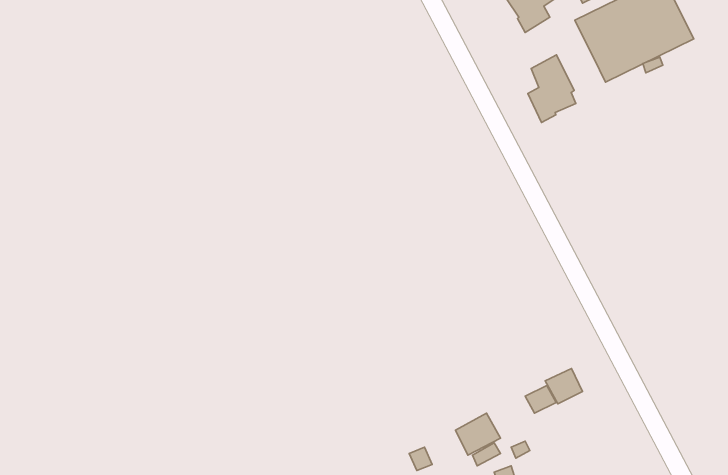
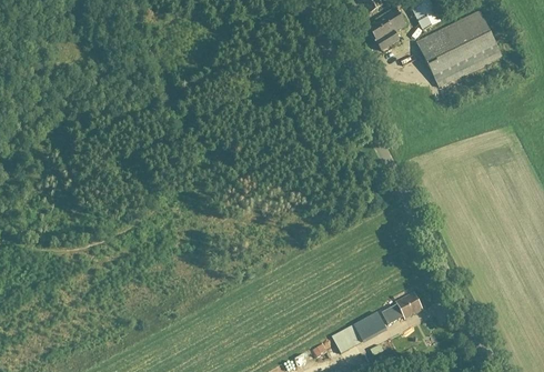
building: [528,55,576,123] -> none
building: none -> [354,311,386,342]

